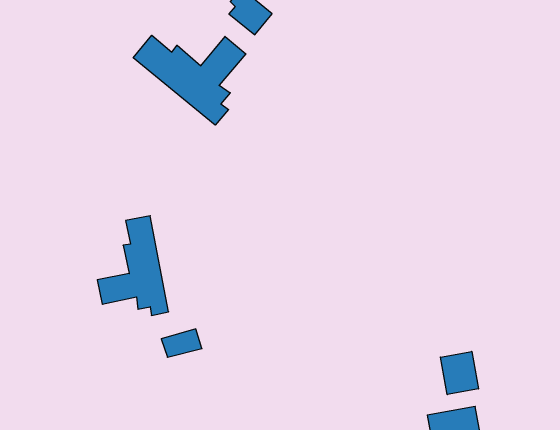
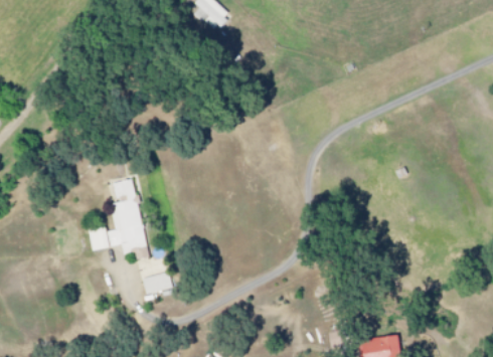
building: [133,35,246,125] -> none
building: [440,351,478,395] -> none

